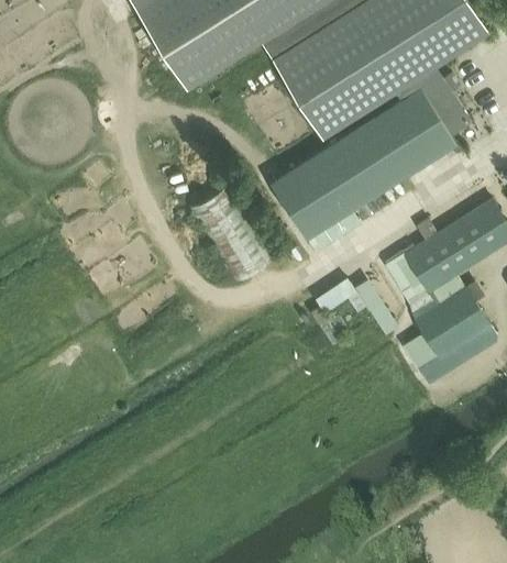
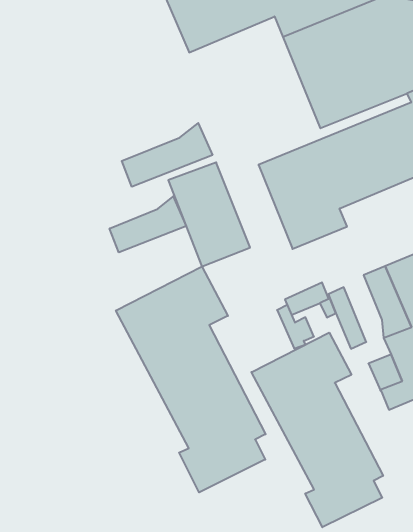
building: none -> [122,123,212,187]
building: none -> [110,196,186,252]
building: none -> [116,266,266,492]
building: none -> [251,333,383,527]

